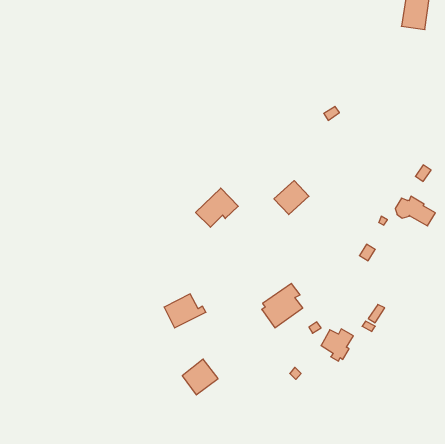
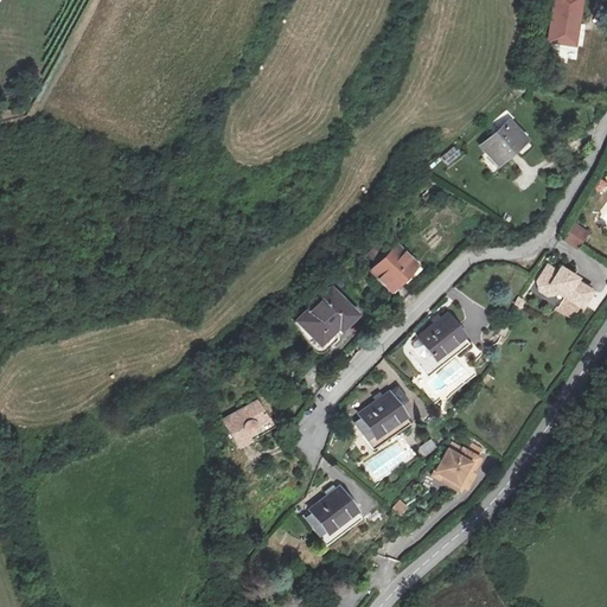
building: none -> [483,120,525,161]
building: [196,188,238,227] -> [299,289,357,343]
building: none -> [413,309,469,365]
building: [182,359,218,395] -> [311,485,359,533]

